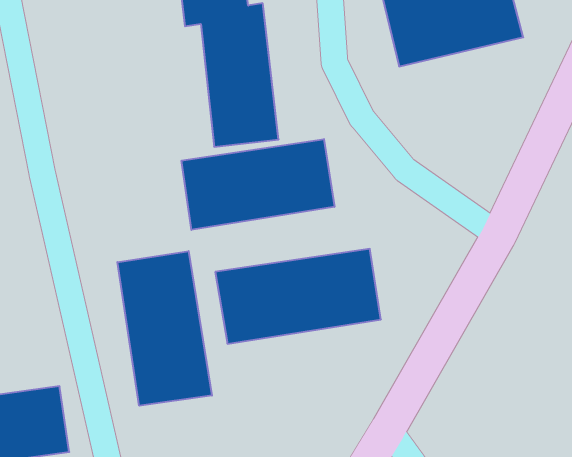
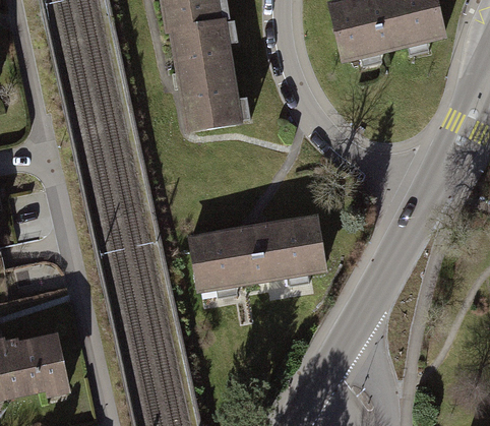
building: [182,139,334,230] -> none
building: [117,251,212,406] -> none

